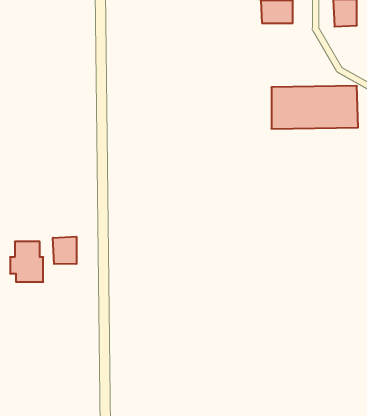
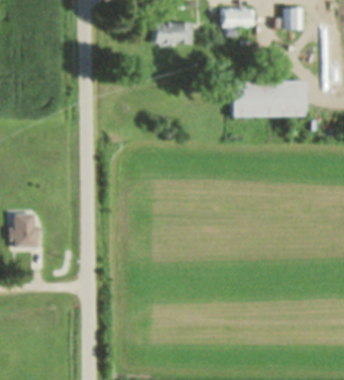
building: none -> [151,22,193,43]
building: [53,237,76,264] -> none

